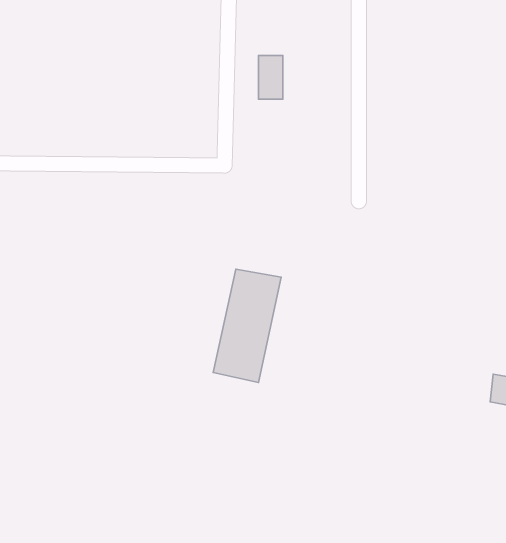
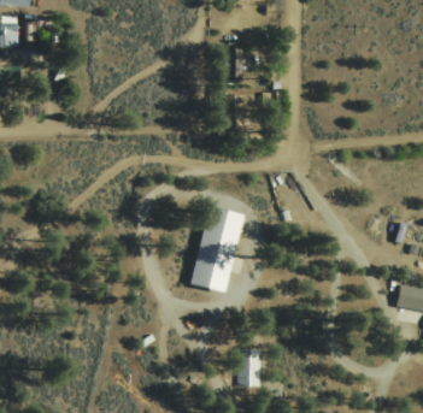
building: none -> [240,349,262,387]

